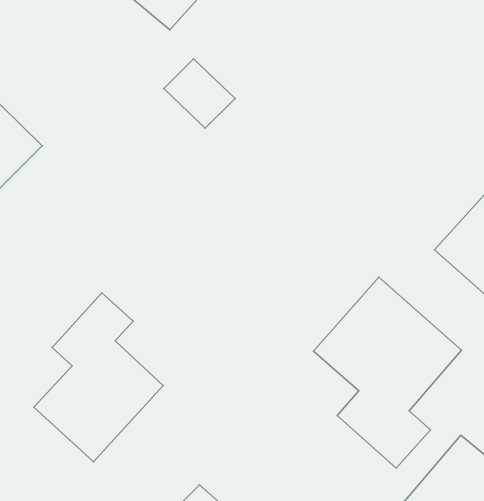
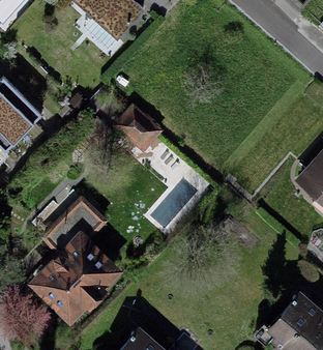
building: [164,59,235,128] -> [116,106,160,149]
building: [314,277,462,468] -> none

